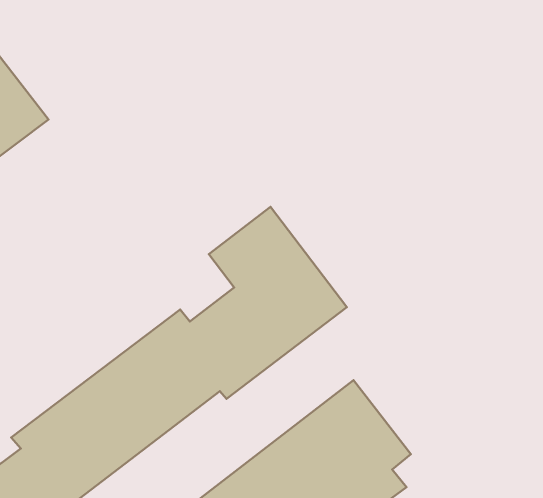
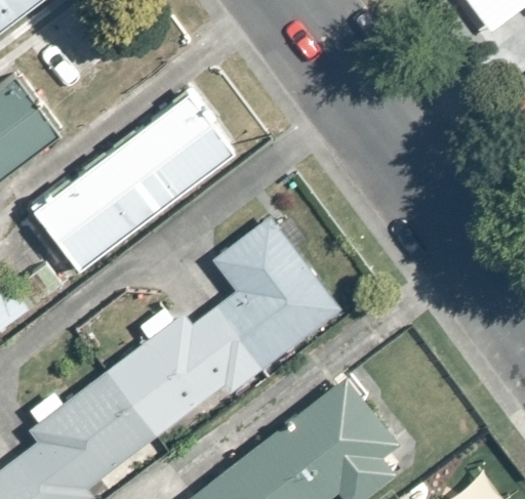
building: none -> [31,91,234,272]

